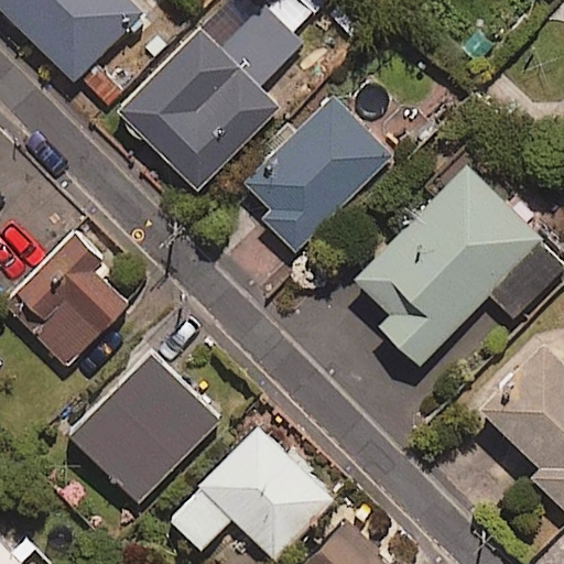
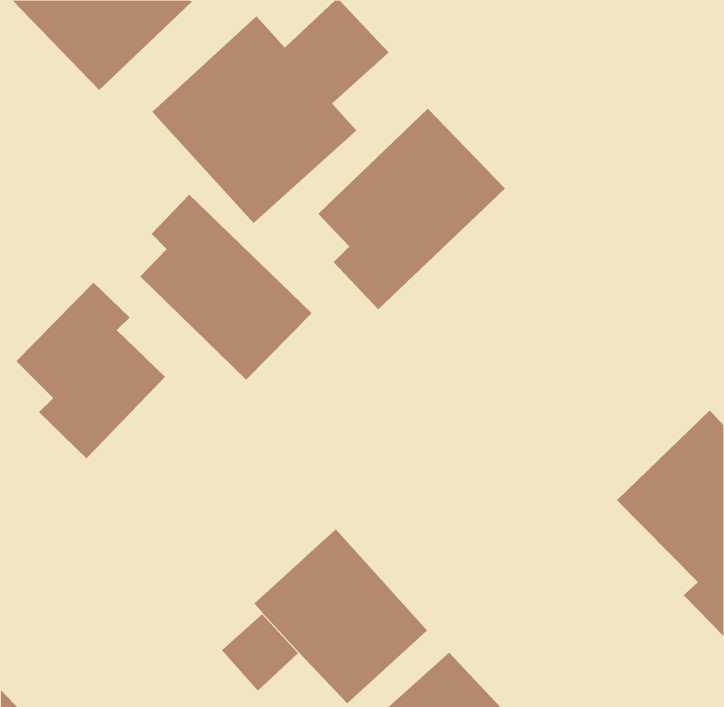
building: [357,158,547,365] -> none
building: none -> [140,194,312,381]
building: [67,355,223,508] -> none

